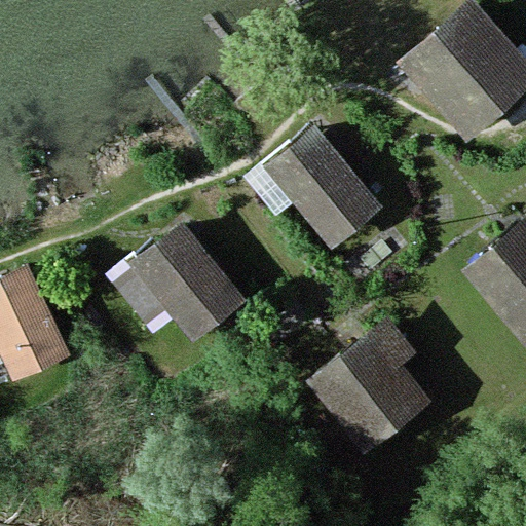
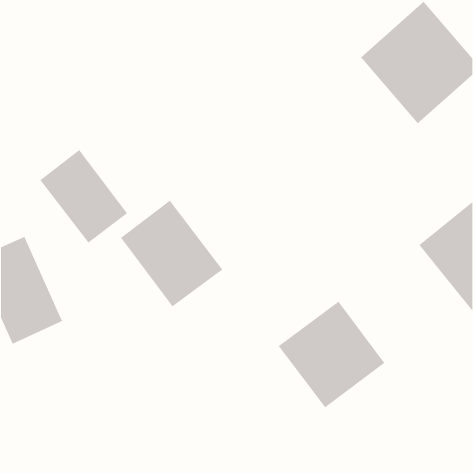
building: [268,129,377,243] -> none
building: none -> [39,149,128,243]

